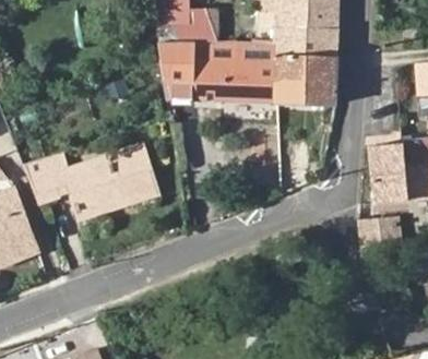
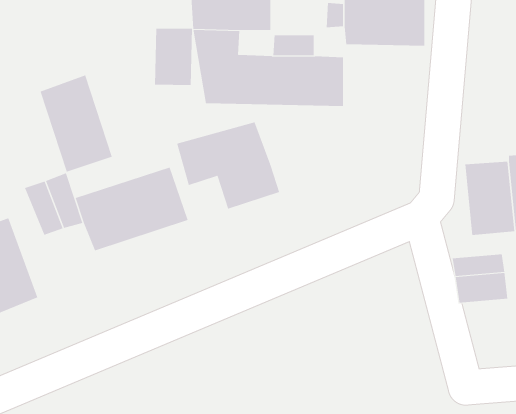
building: none -> [154,28,192,86]
building: [275,55,338,104] -> none
building: none -> [40,74,113,172]
building: none -> [177,122,280,210]

